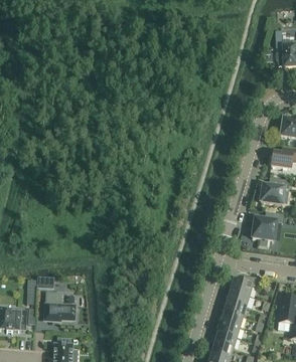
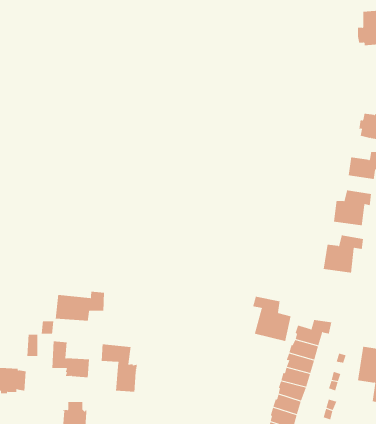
building: none -> [55,291,105,322]
building: none -> [253,296,291,342]
building: none -> [101,344,138,393]

